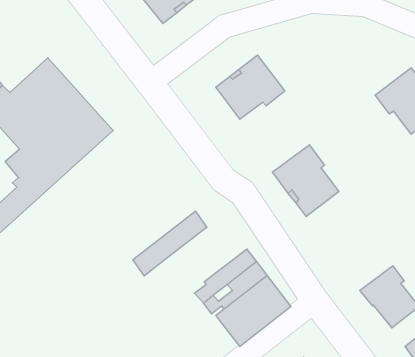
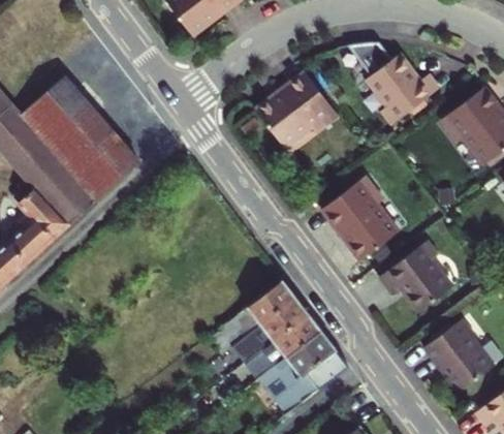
building: none -> [347,44,439,126]
building: none -> [381,244,453,313]
building: [133,211,207,276] -> [207,281,293,357]

